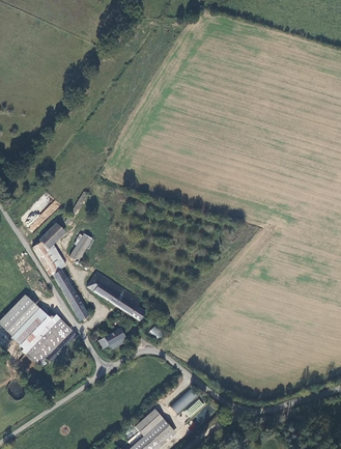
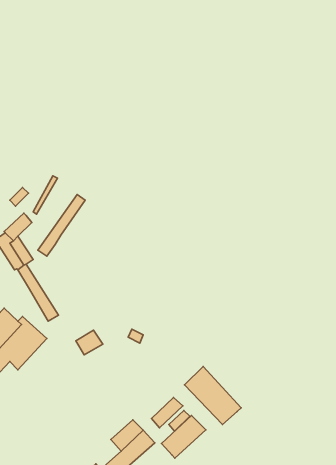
building: [88,272,143,318] -> none
building: none -> [185,366,241,425]
building: none -> [162,415,206,458]

